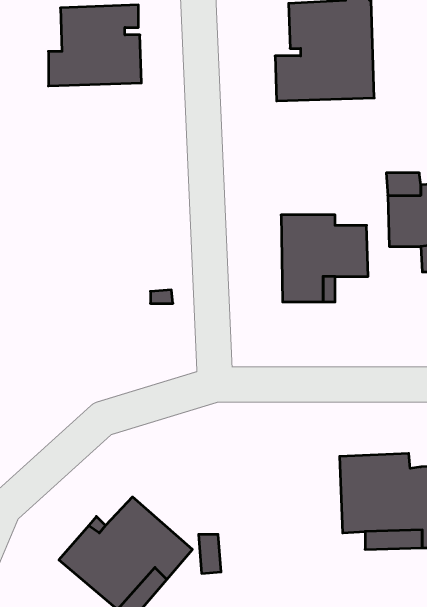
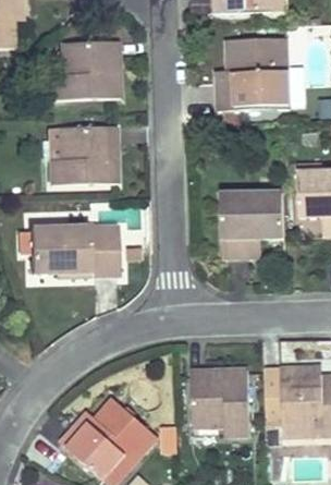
building: none -> [49,125,117,183]
building: none -> [24,225,120,275]
building: none -> [191,368,249,435]

